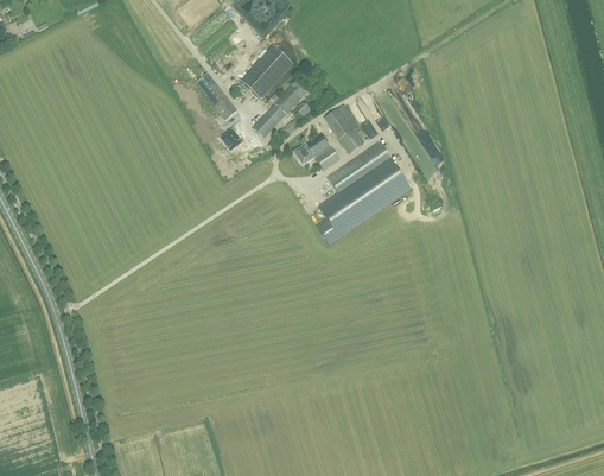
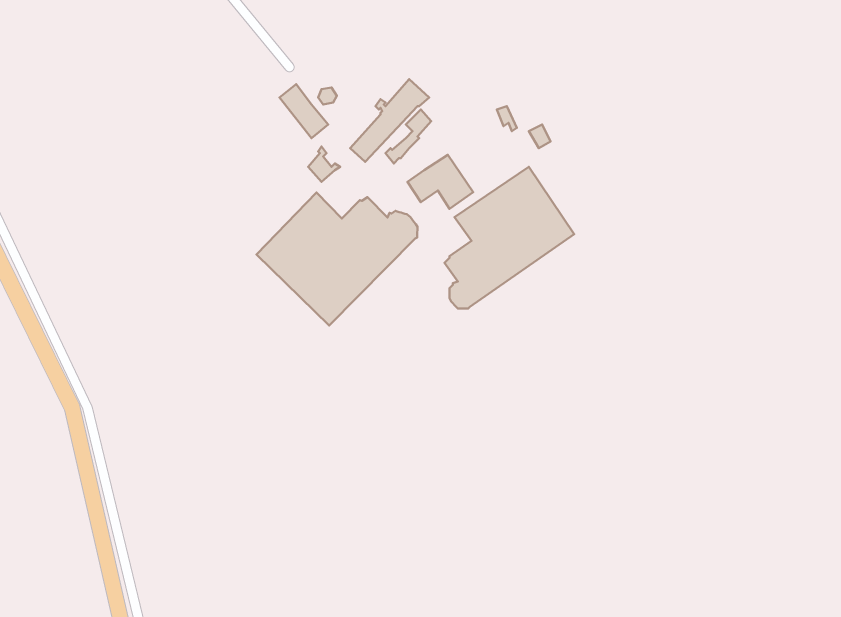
building: [241,44,293,97] -> none
building: [324,107,362,153] -> none
building: none -> [256,193,418,325]

